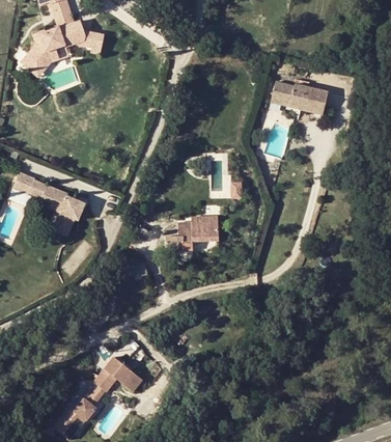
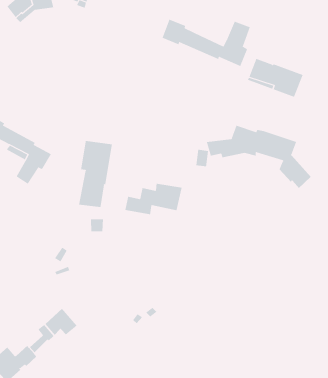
building: none -> [162,19,251,67]
building: none -> [206,125,312,189]
building: none -> [78,140,113,208]

